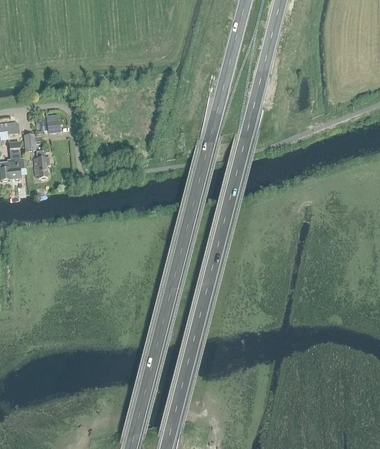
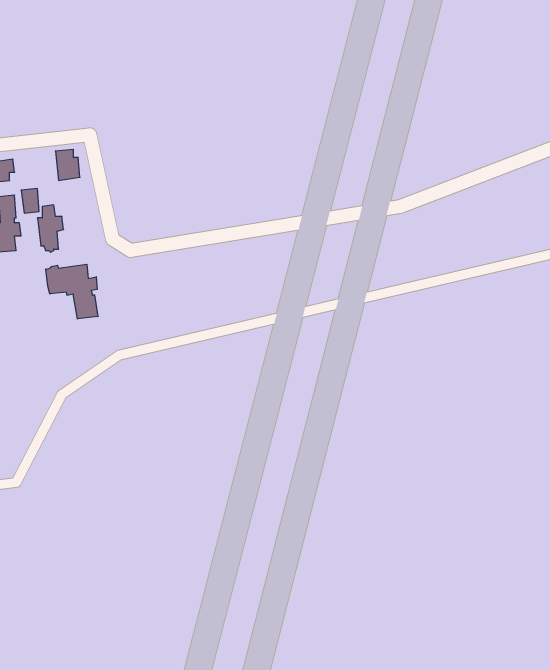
building: none -> [46,264,98,319]

